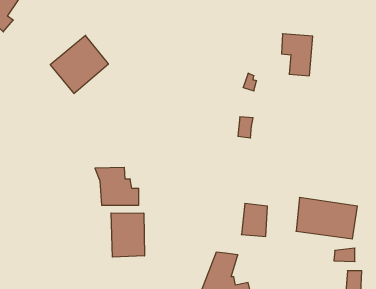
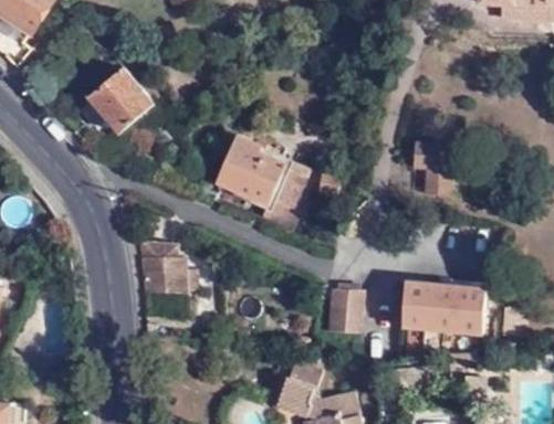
building: [282,34,313,76] -> [414,139,454,194]
building: none -> [220,144,311,230]
building: [111,213,144,257] -> none

